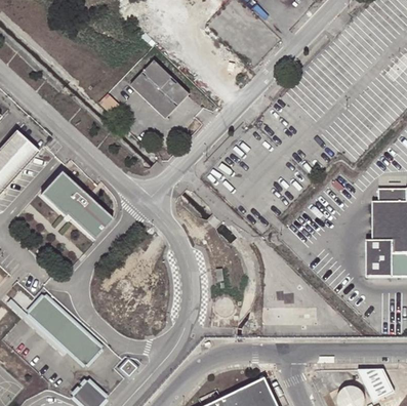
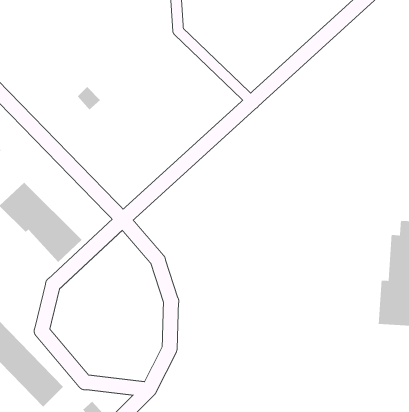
building: [130,57,189,117] -> none

